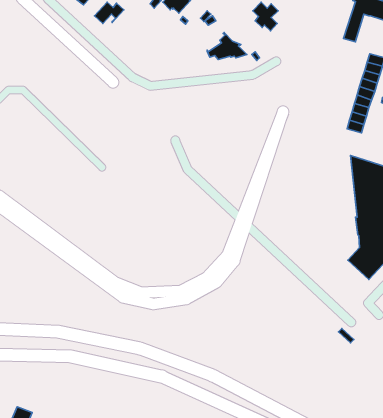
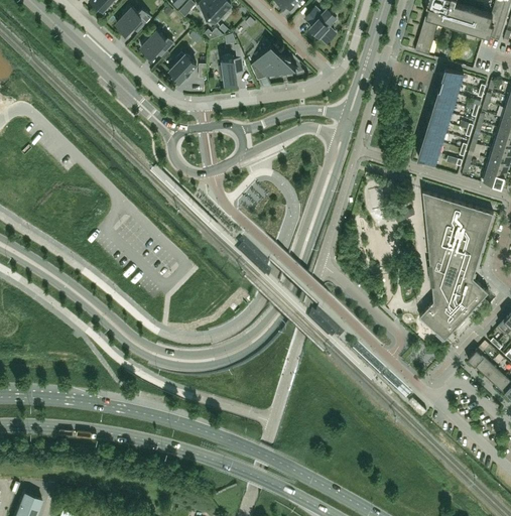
building: none -> [141,32,173,58]
building: none -> [169,54,197,84]
building: none -> [219,57,242,85]

